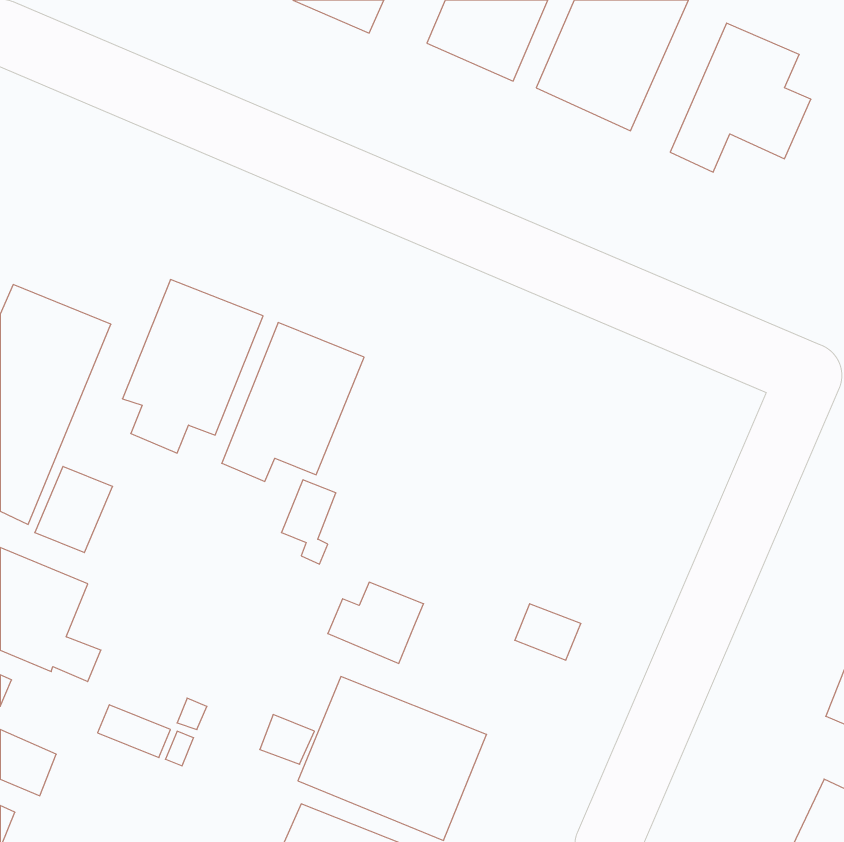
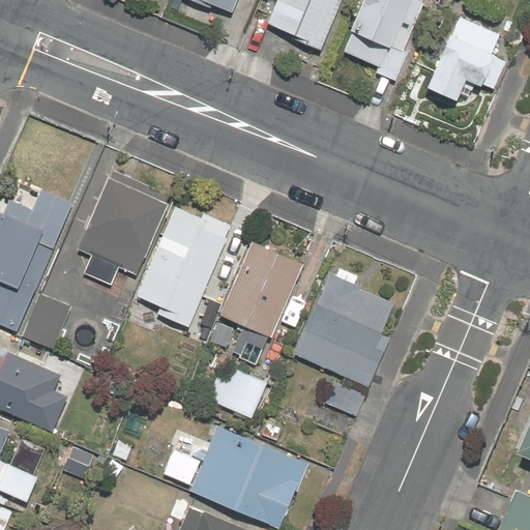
building: none -> [219,239,301,366]
building: none -> [296,271,392,385]

